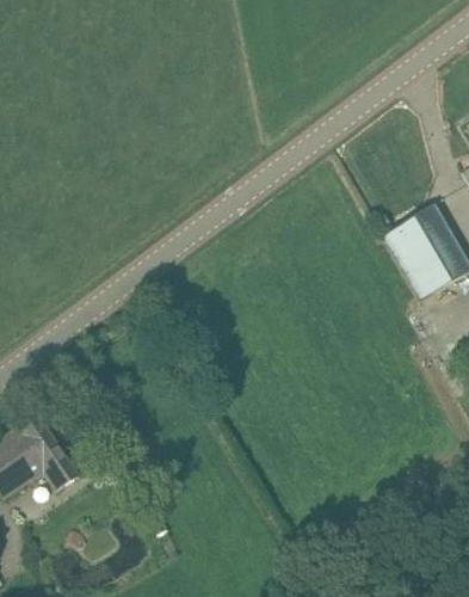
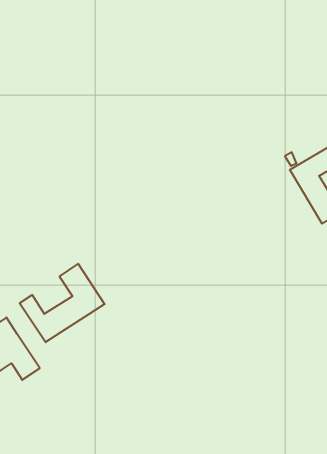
building: none -> [20,264,105,342]

